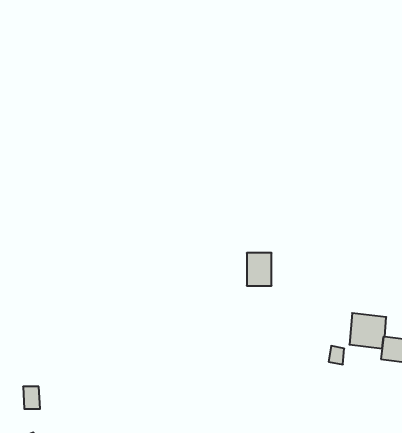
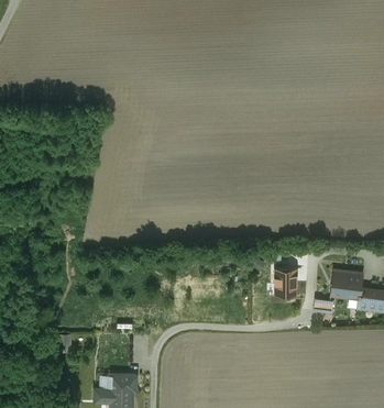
building: [247,253,272,286] -> [275,267,296,295]

